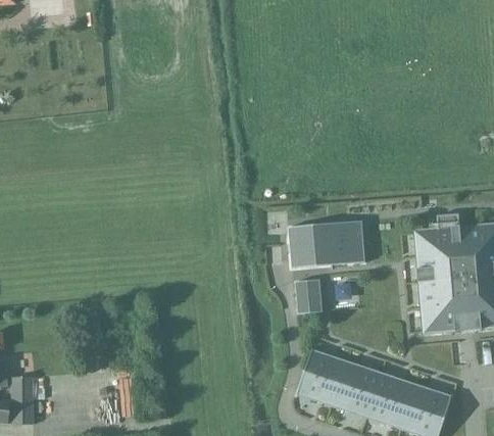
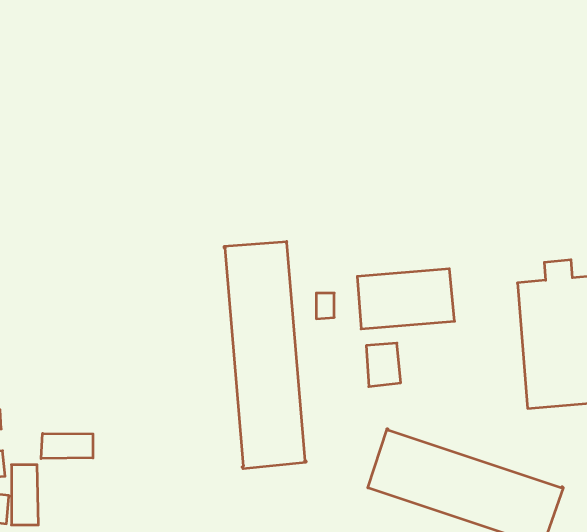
building: none -> [224,241,306,469]
building: none -> [41,433,93,459]

